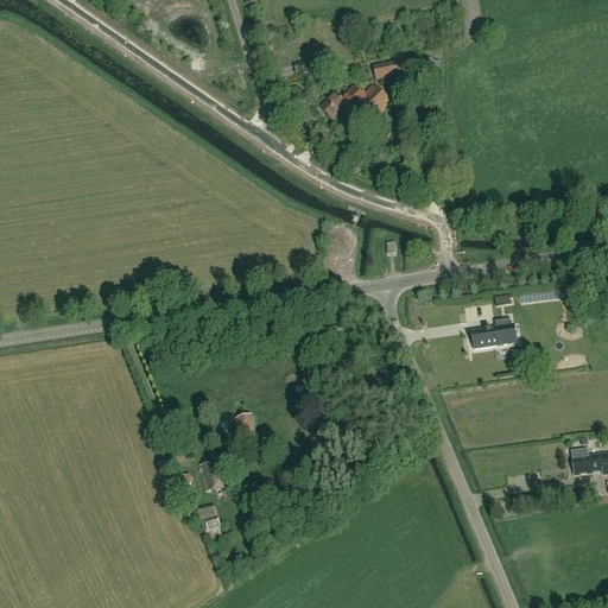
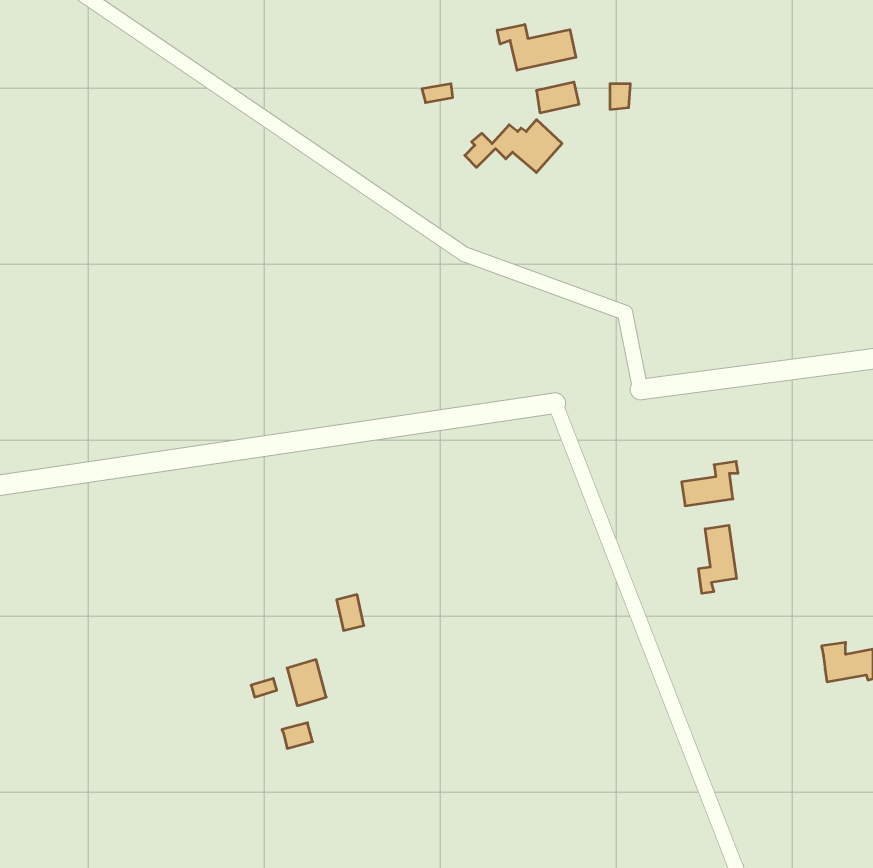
building: none -> [497,24,576,70]
building: none -> [699,525,736,593]

